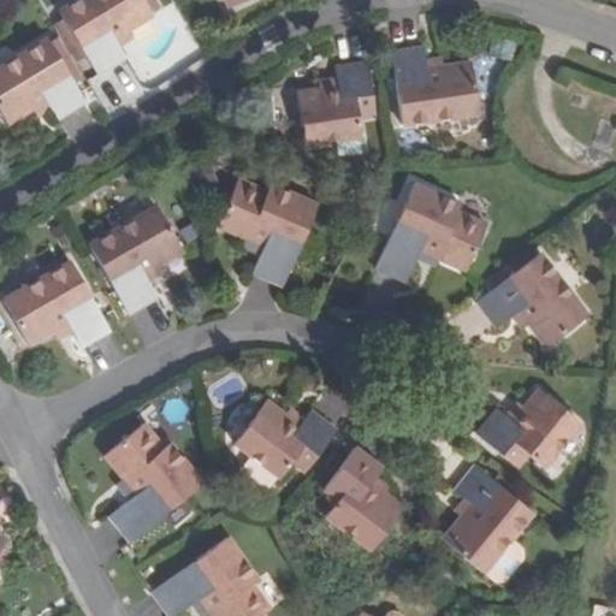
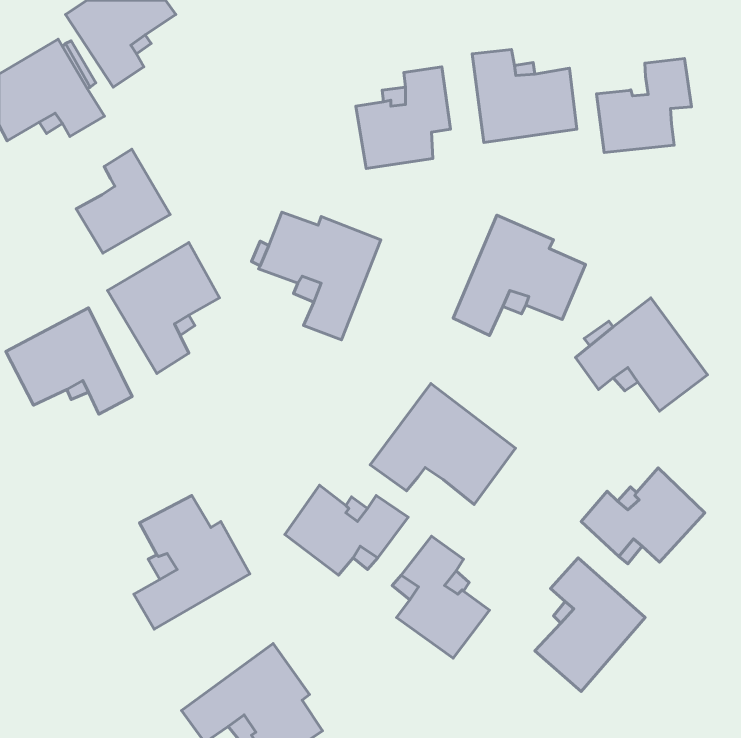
building: none -> [597,59,691,152]
building: none -> [76,149,170,253]
building: none -> [370,384,516,505]

